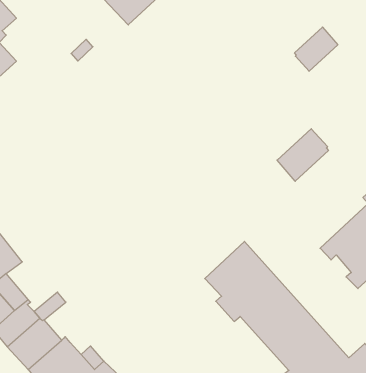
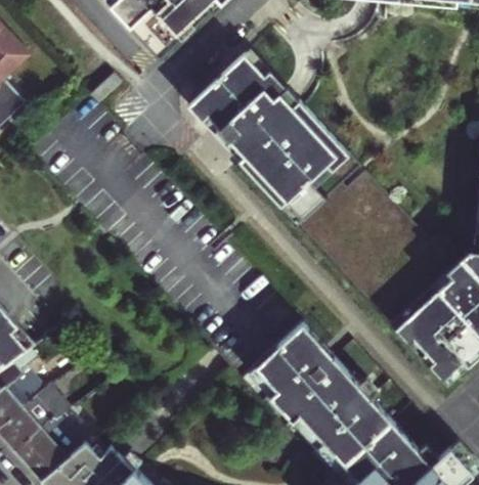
building: none -> [187,51,350,217]
building: [295,27,338,71] -> none
building: [277,129,328,181] -> none

